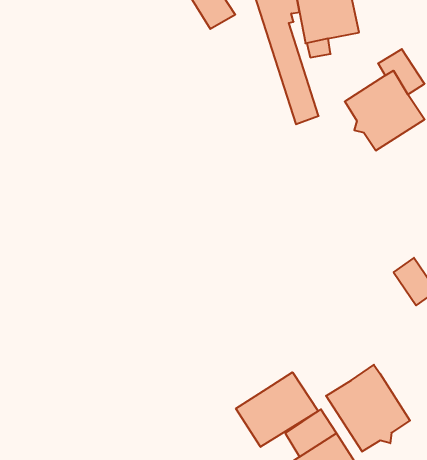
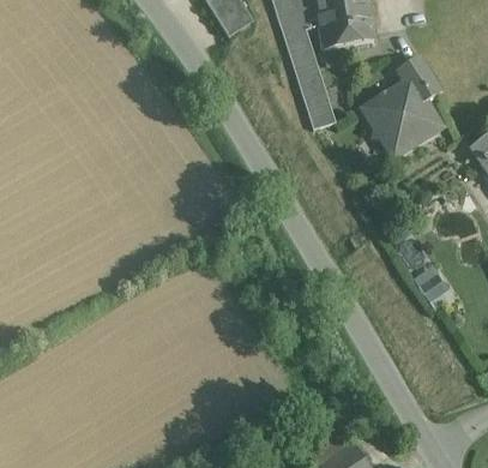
building: [326,365,410,452] -> none
building: [236,372,318,447] -> none

